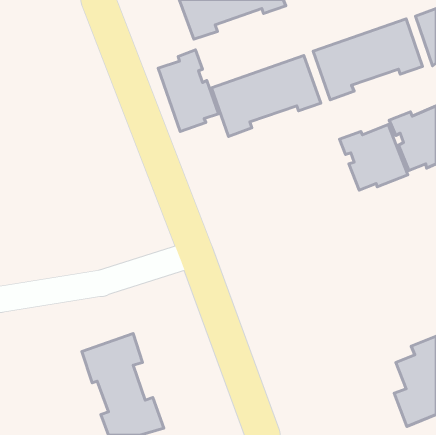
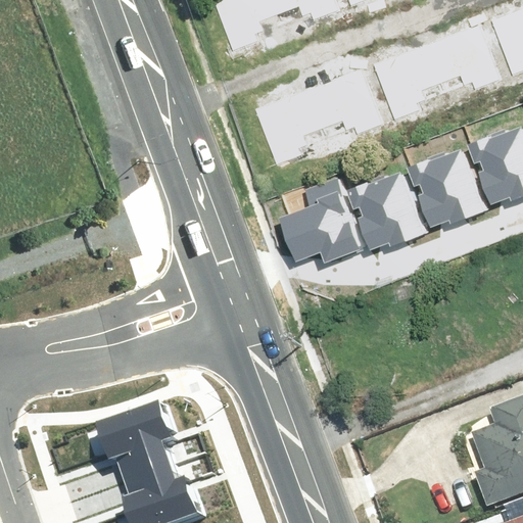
building: [158,50,218,131] -> none
building: none -> [345,171,427,249]
building: none -> [280,180,363,265]

